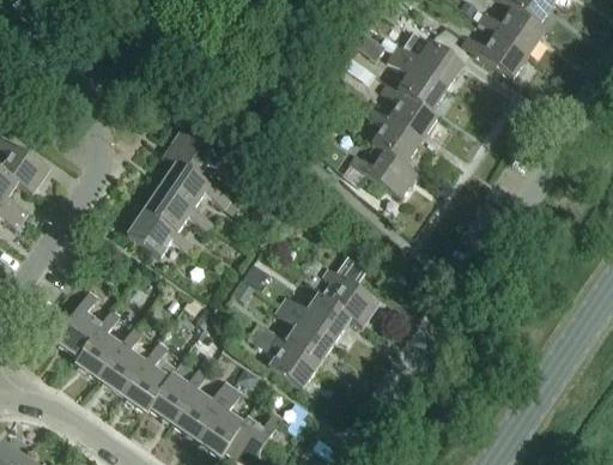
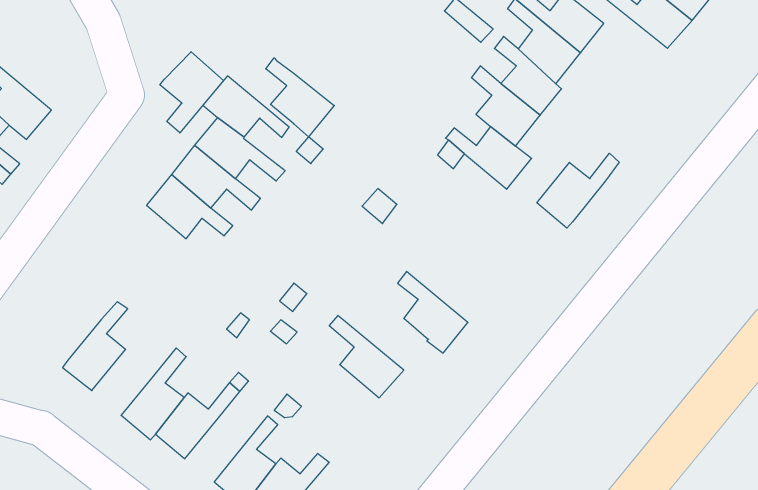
building: none -> [266,58,334,137]
building: none -> [160,52,223,133]
building: none -> [537,153,619,228]
building: [54,289,101,356] -> none
building: [280,292,351,340] -> none
building: [98,324,145,394] -> none
building: [249,324,317,388] -> none
building: [174,379,233,439] -> none

